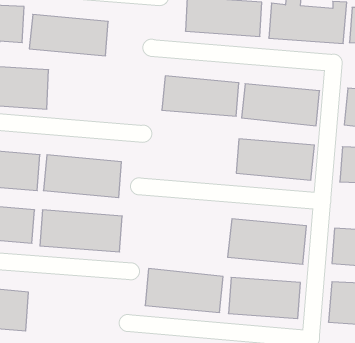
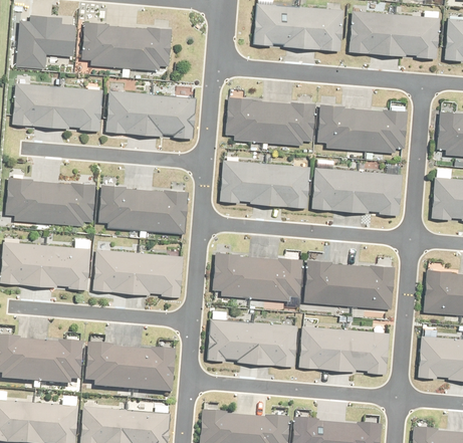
building: none -> [102,89,193,141]
building: none -> [223,160,313,208]
building: none -> [214,250,301,299]
building: none -> [80,343,171,397]

